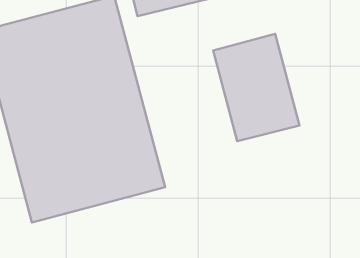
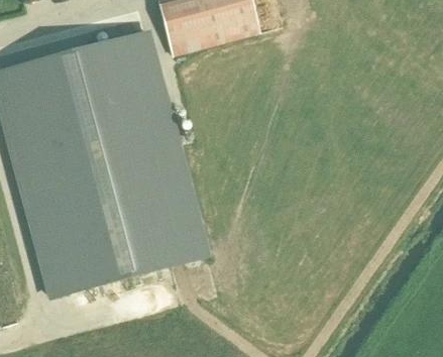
building: [213,34,299,141] -> none

